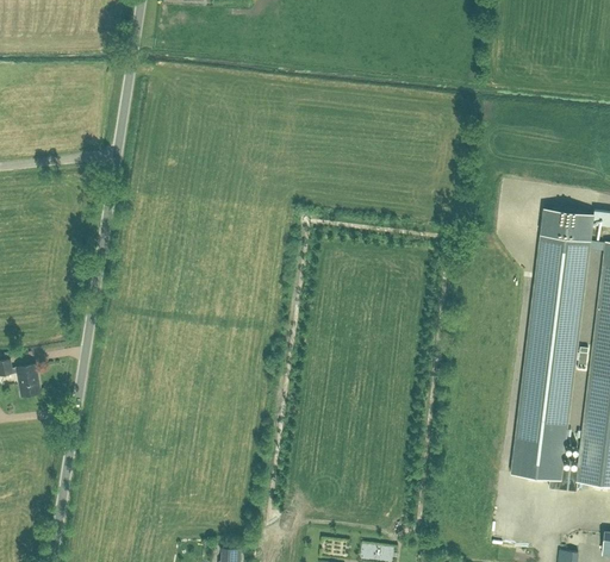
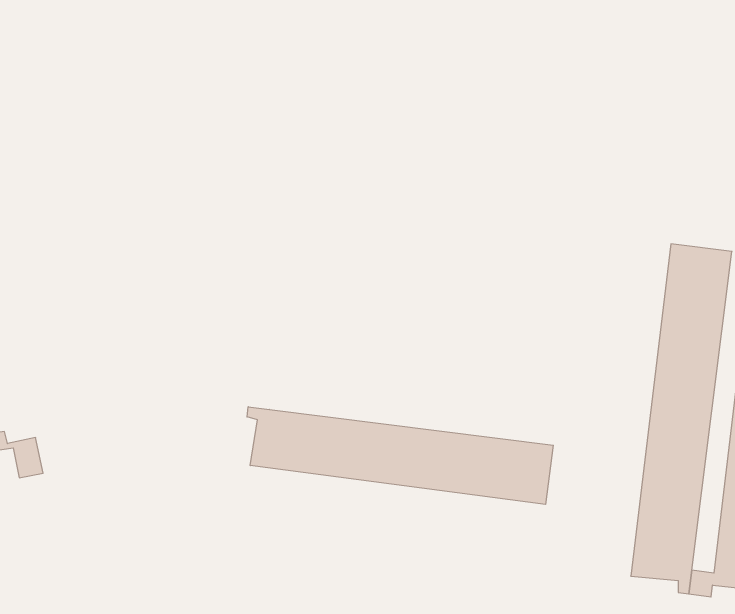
building: none -> [247,407,553,504]

